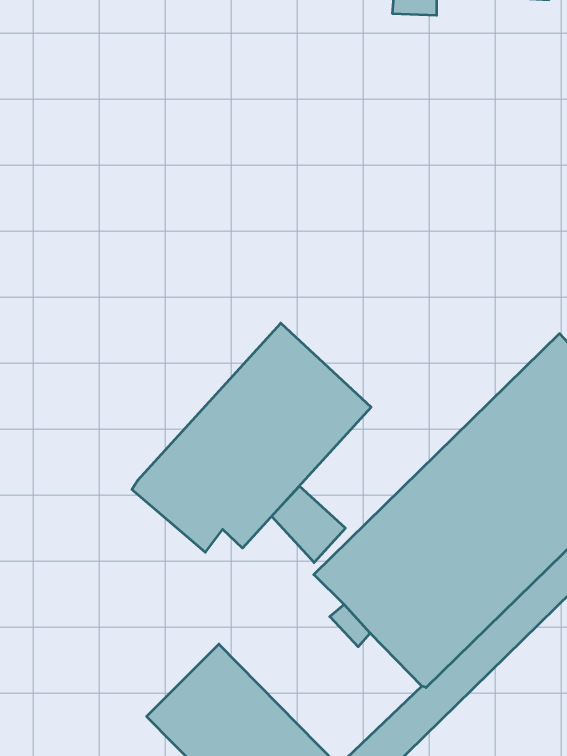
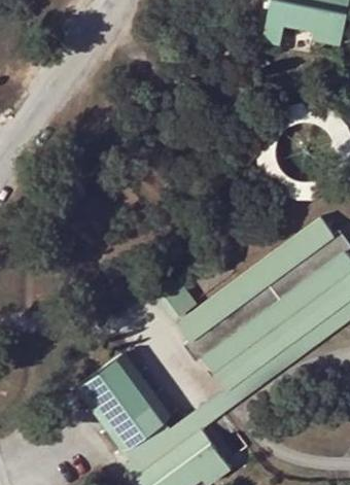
building: [132,323,371,552] -> none

